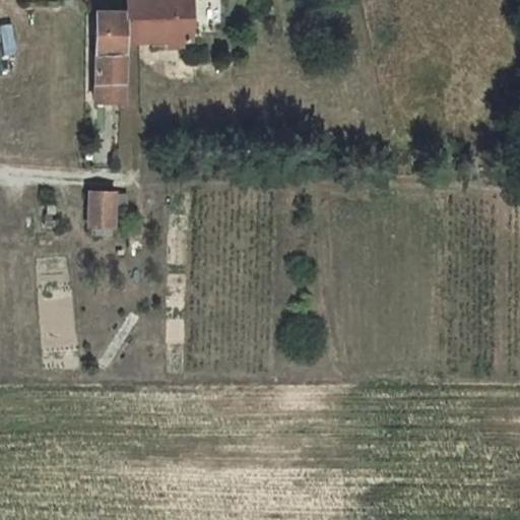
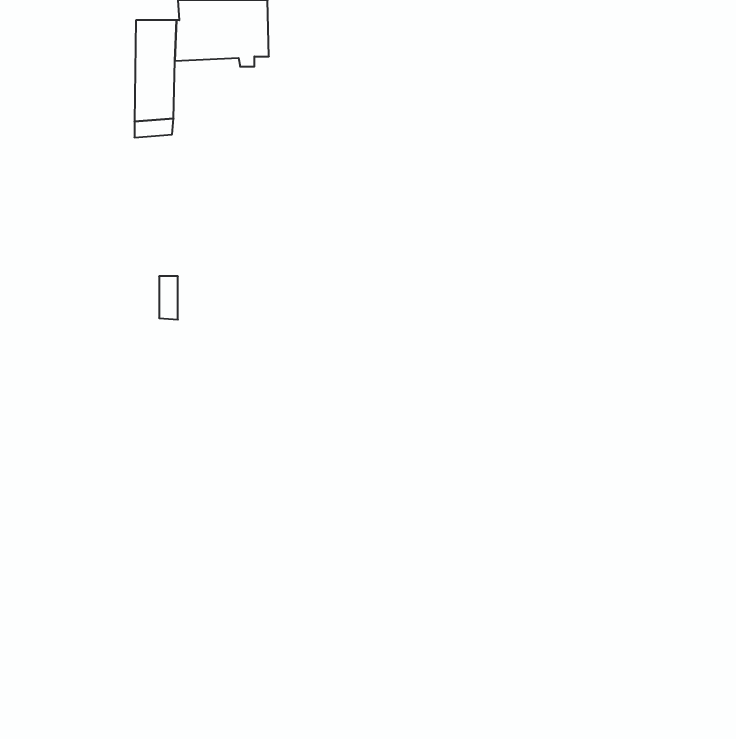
building: [90,193,114,228] -> none

